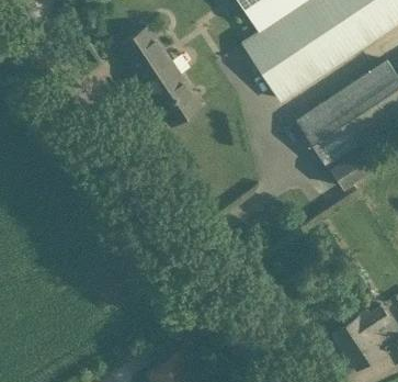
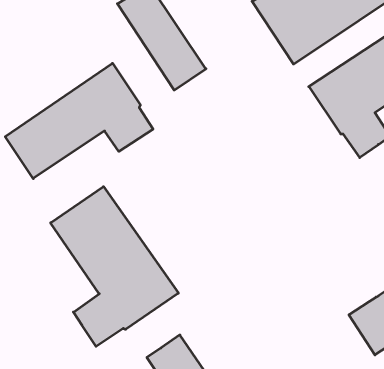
building: none -> [5,63,153,179]
building: none -> [51,187,178,346]

